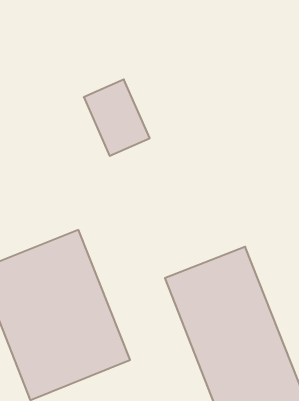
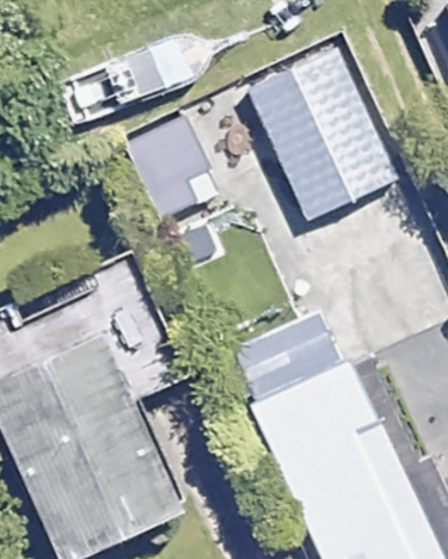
building: none -> [233,41,391,216]

